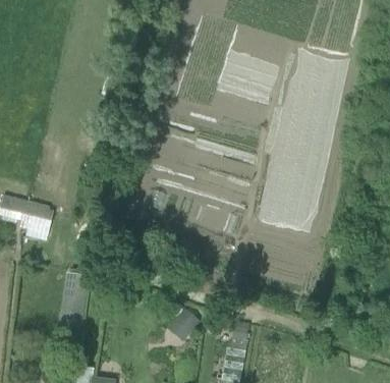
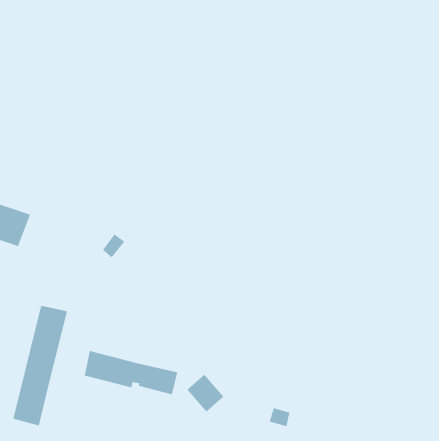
building: none -> [84,350,178,395]

